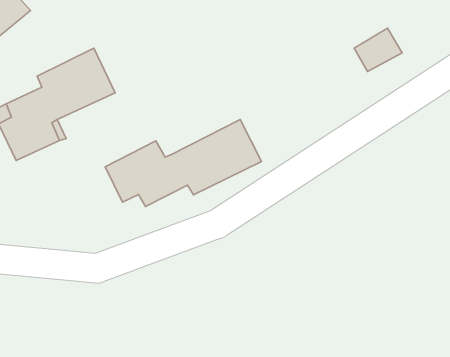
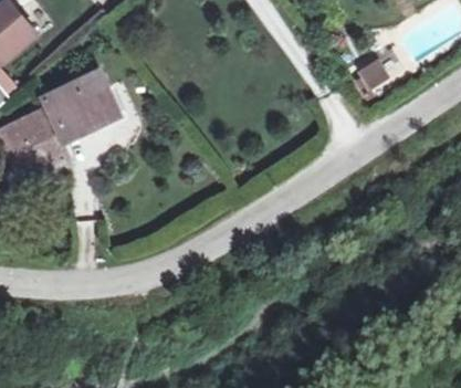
building: [105,119,262,206] -> none

